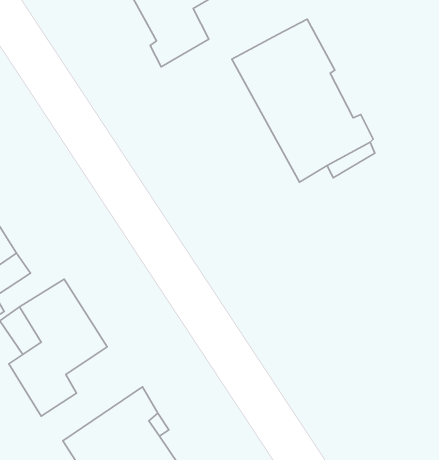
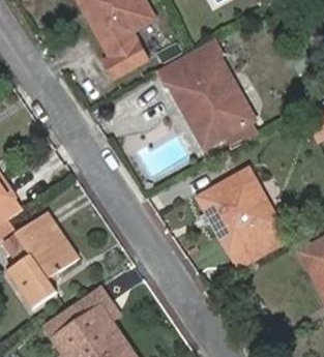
building: none -> [201,170,287,264]

